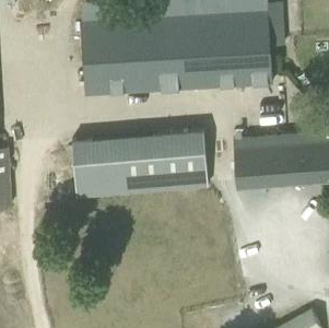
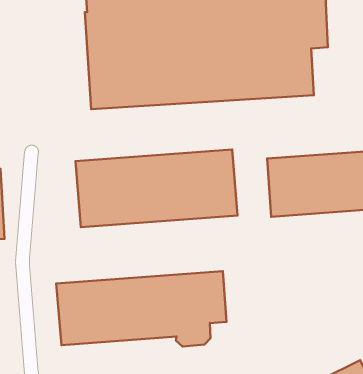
building: none -> [56,271,226,347]

